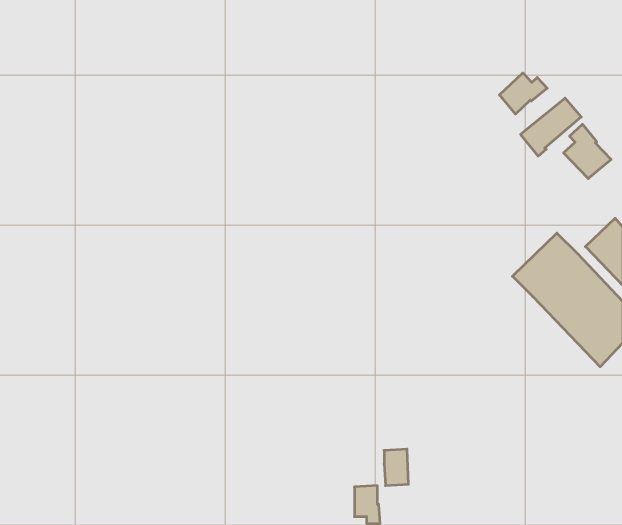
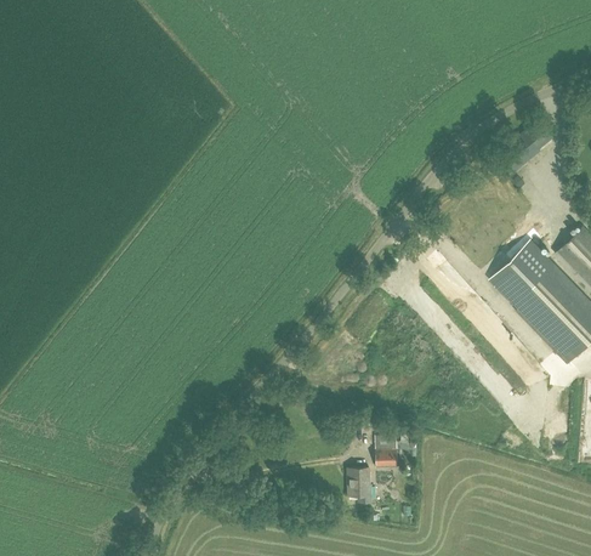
building: [499,73,547,114] -> none
building: [564,124,611,179] -> none

